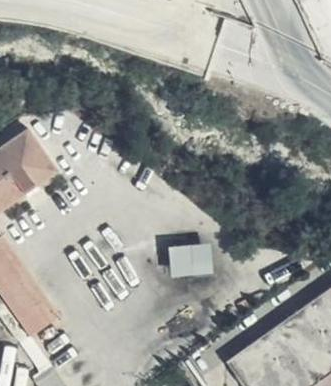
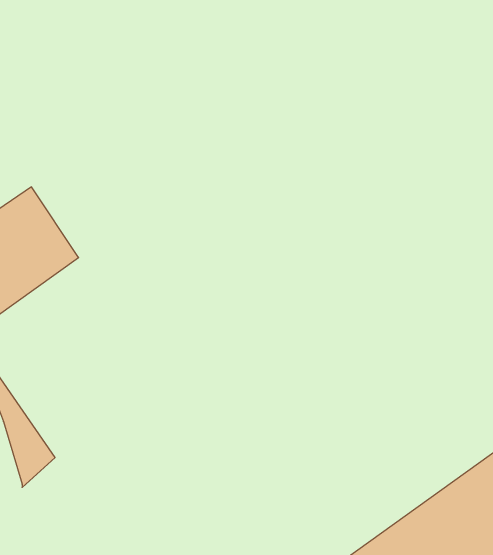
building: [169,242,200,275] -> none
building: [22,297,60,338] -> none

